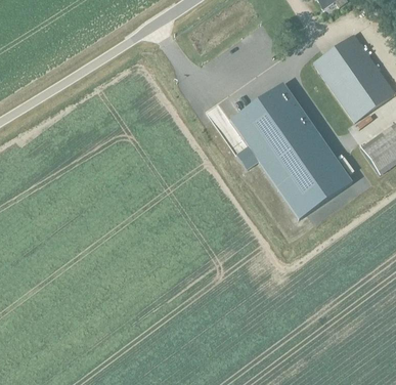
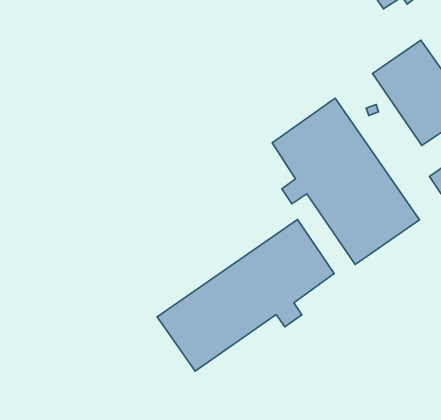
building: none -> [157,219,334,371]

